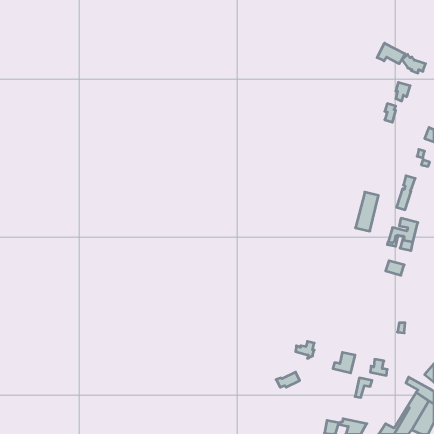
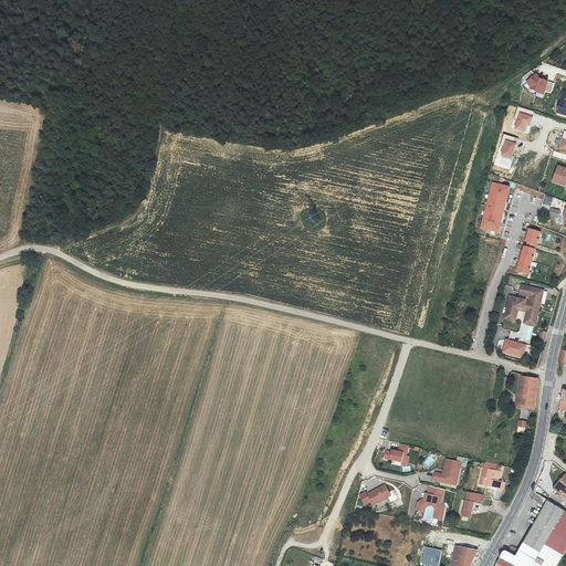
building: [377,43,405,64] -> none
building: [355,192,378,231] -> [480,181,510,232]
building: none -> [516,376,538,408]
building: none -> [416,485,444,520]

